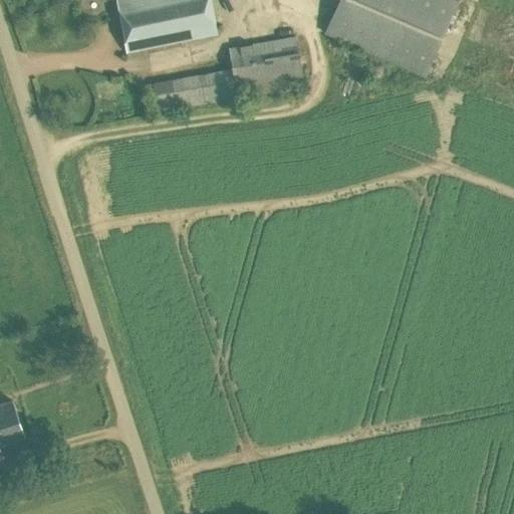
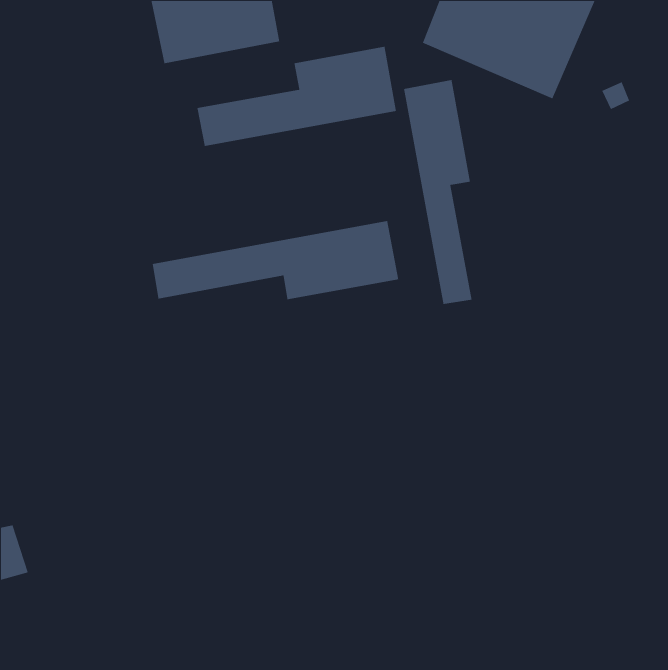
building: none -> [403,79,472,305]
building: none -> [152,220,399,300]

